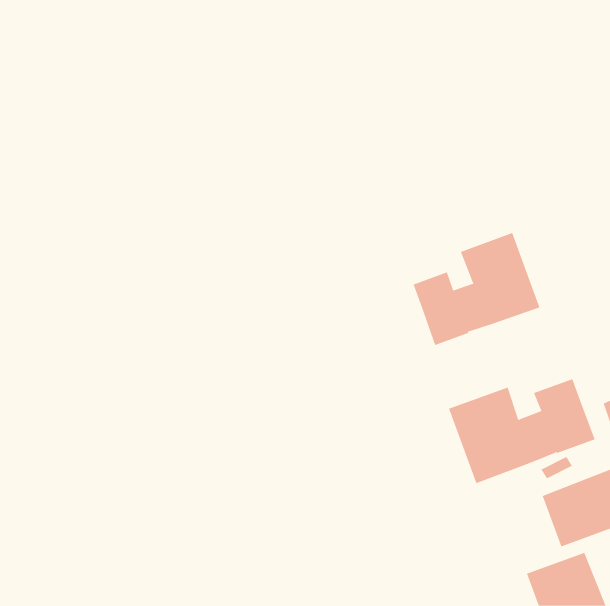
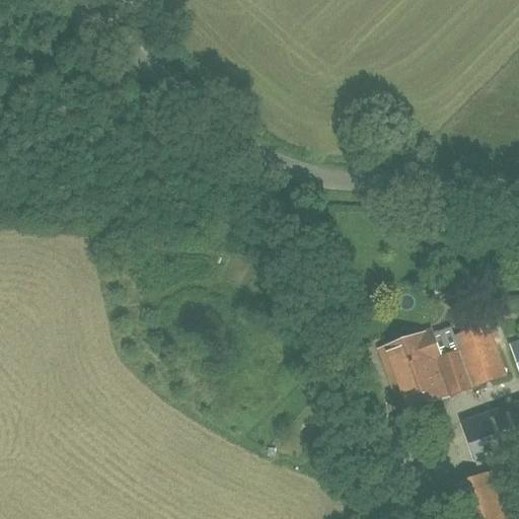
building: [413,232,540,346] -> none

